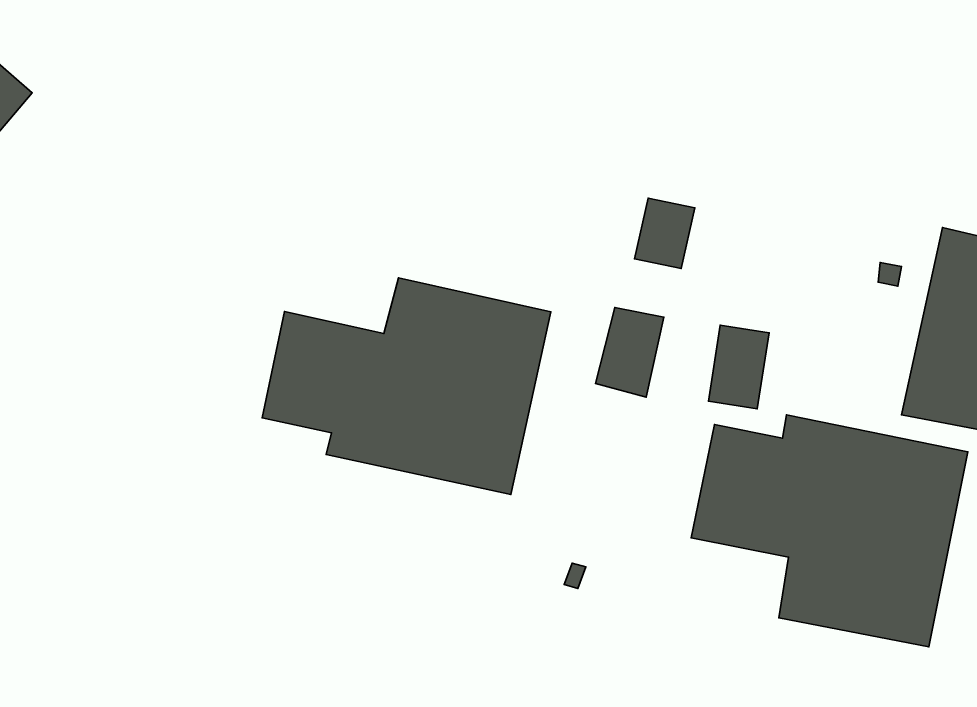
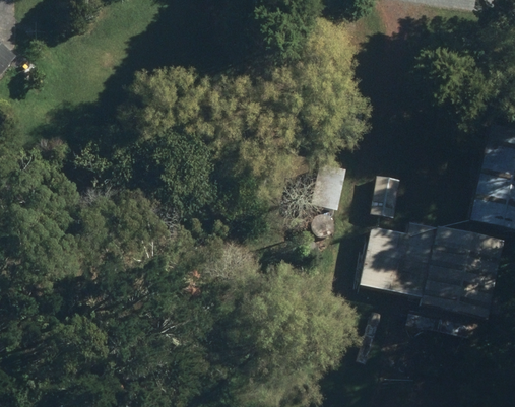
building: [262,278,551,494] -> none

